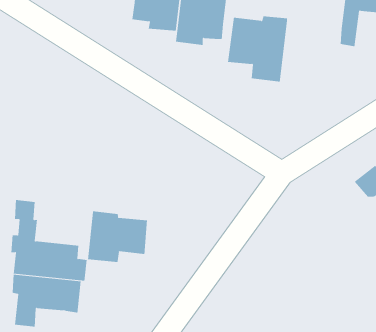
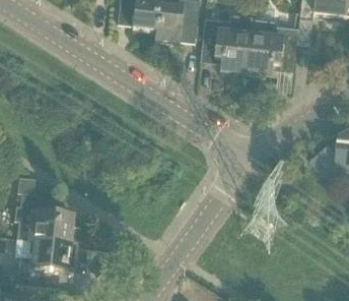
building: none -> [246,20,297,76]
building: [88,210,148,263] -> none

